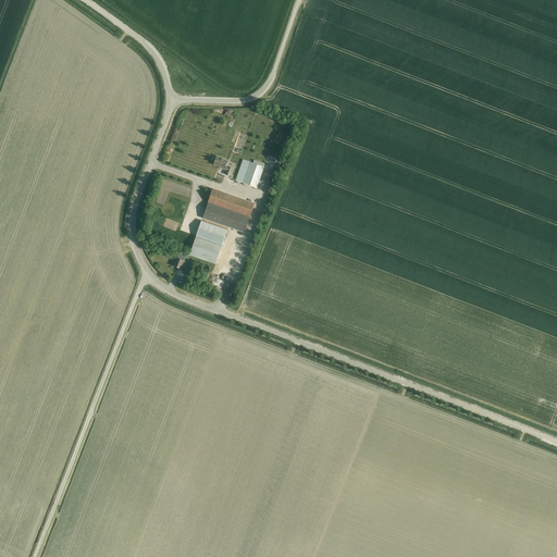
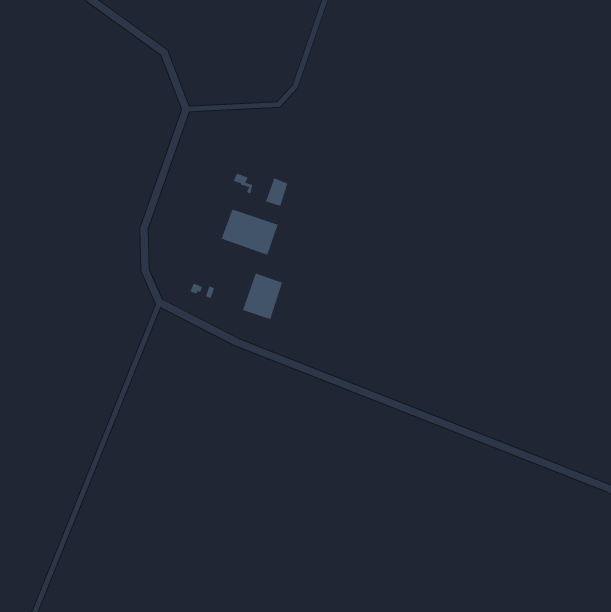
building: [188,220,225,262] -> [242,273,283,320]

